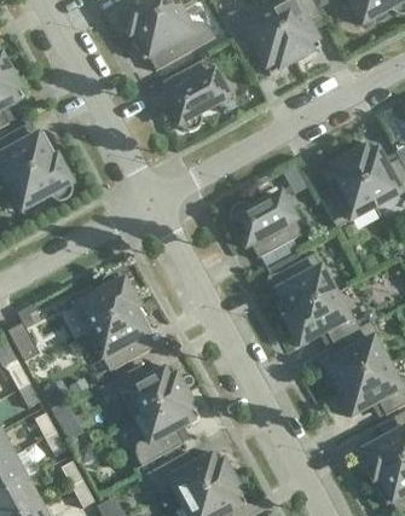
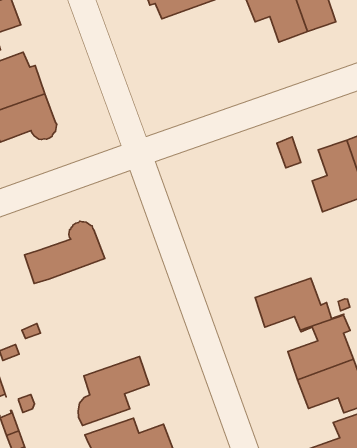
building: [162,58,228,131] -> none
building: [230,193,302,267] -> none
building: [268,254,335,319] -> none
building: [88,305,154,371] -> none
building: [98,365,185,418] -> none

